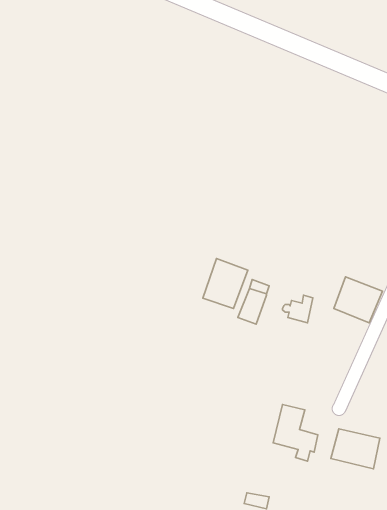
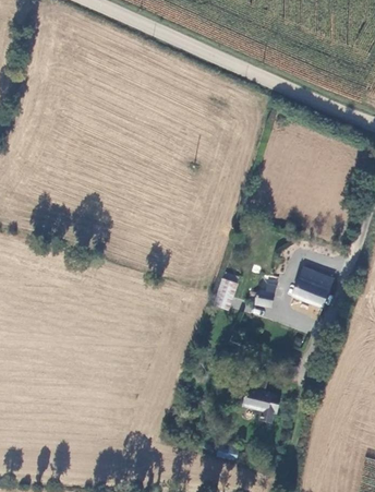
building: [203,259,248,309] -> none
building: [331,429,380,469] -> none

